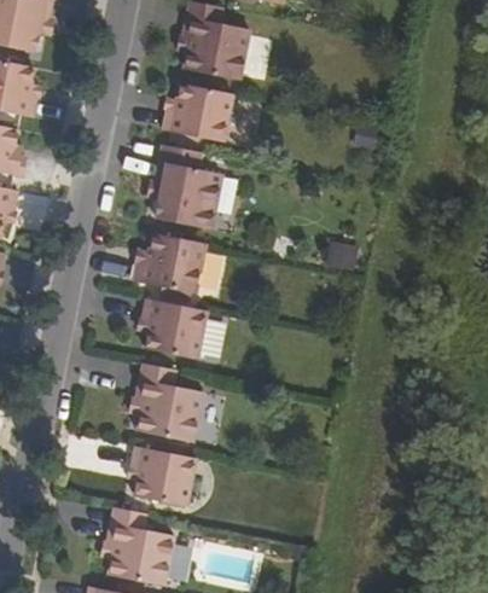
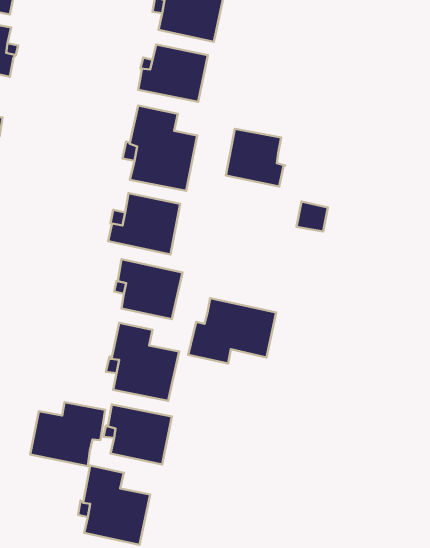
building: none -> [226,129,285,186]
building: none -> [188,298,276,363]
building: none -> [30,402,105,466]

